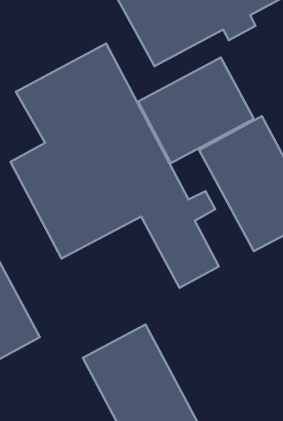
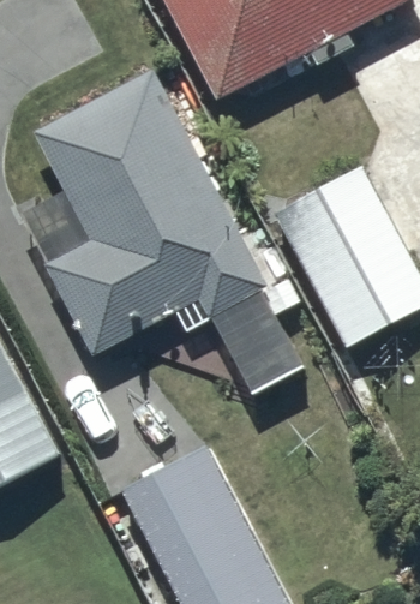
building: [138,58,254,163] -> none

